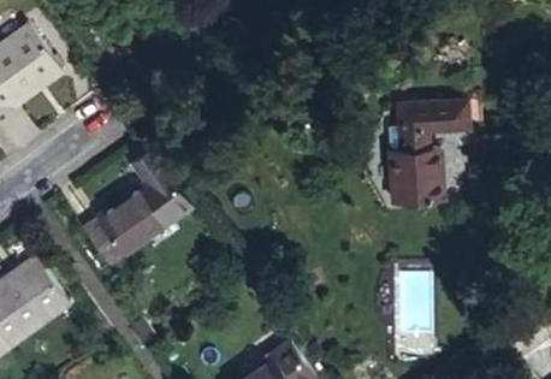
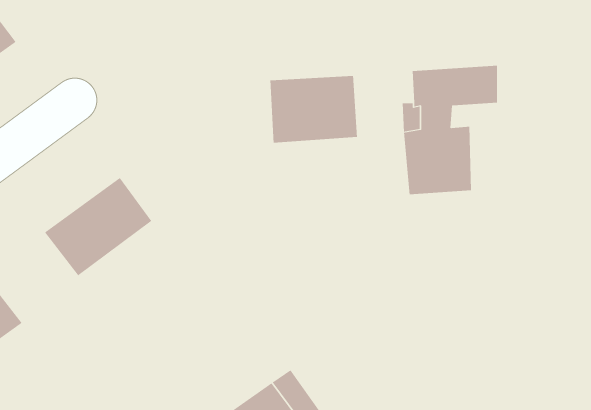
building: none -> [270,75,358,144]

